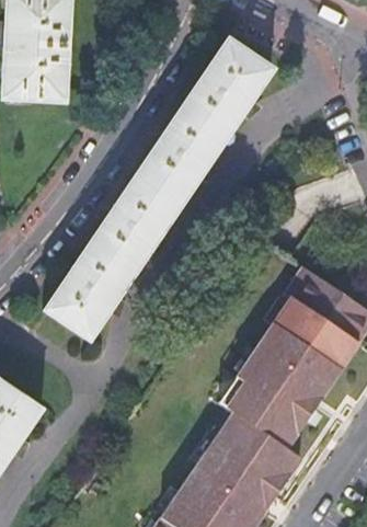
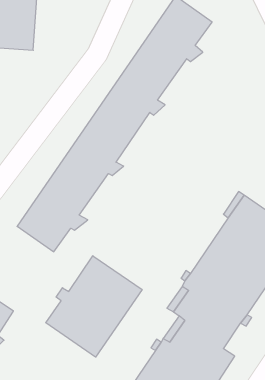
building: none -> [46,256,142,357]

